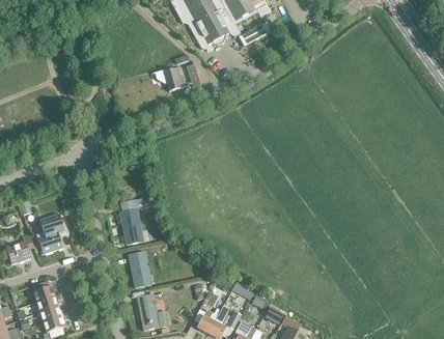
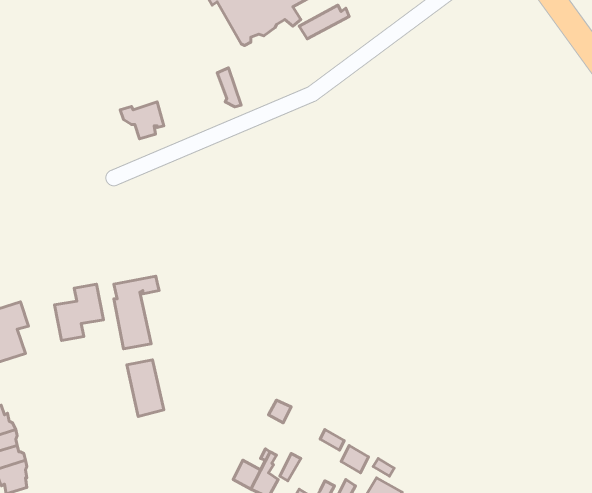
building: [157,66,185,90] -> [120,102,164,139]
building: none -> [55,284,103,340]
building: [137,293,167,330] -> none

